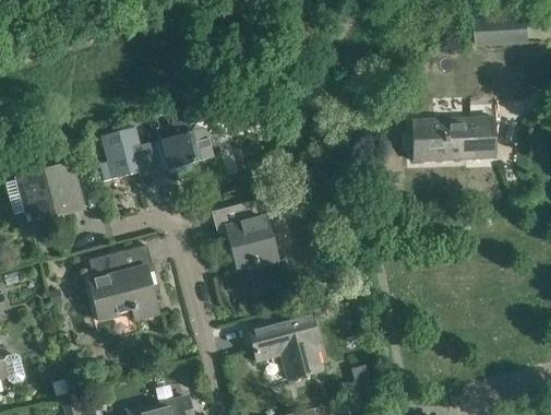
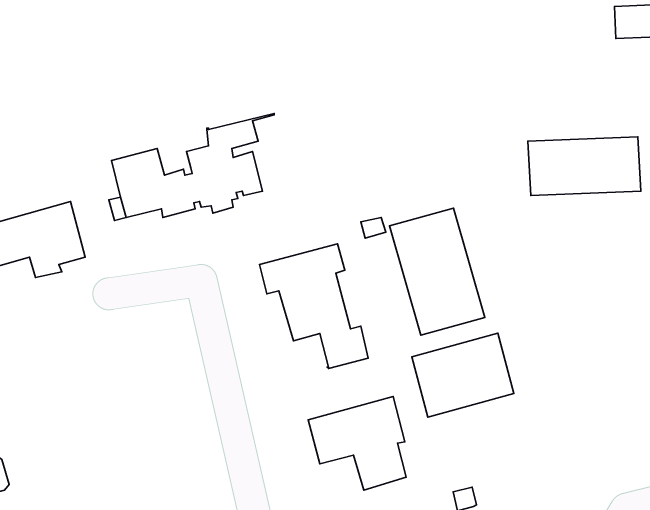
building: none -> [389,208,485,335]
building: [88,245,158,321] -> none
building: none -> [412,333,514,417]

